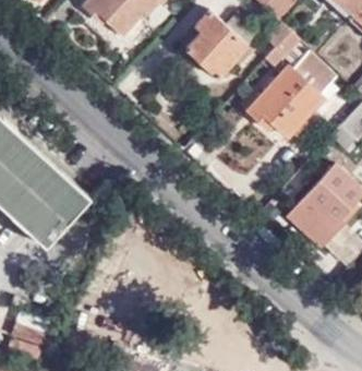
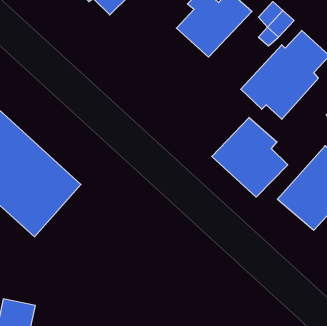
building: none -> [212,117,288,197]

